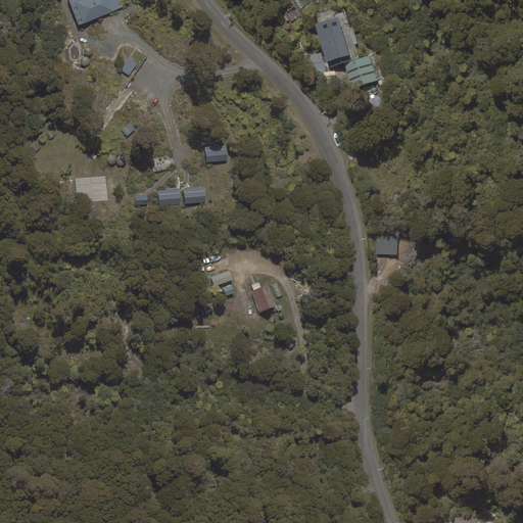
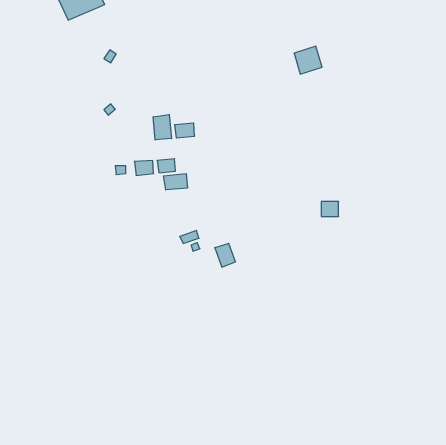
building: [314,15,349,61] -> none
building: none -> [153,114,171,140]
building: none -> [164,174,187,190]

